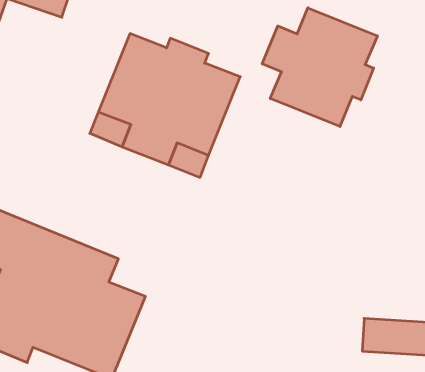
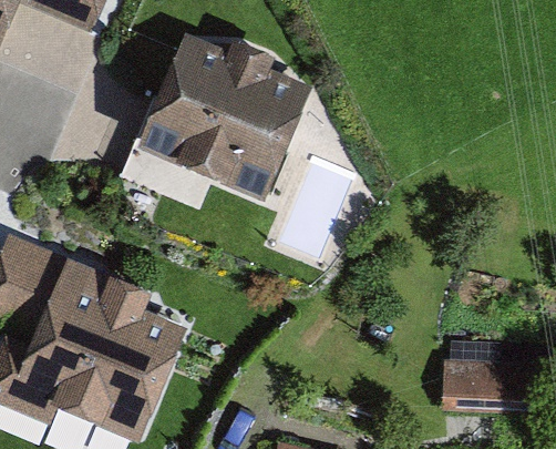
building: [262,8,377,127] -> none

